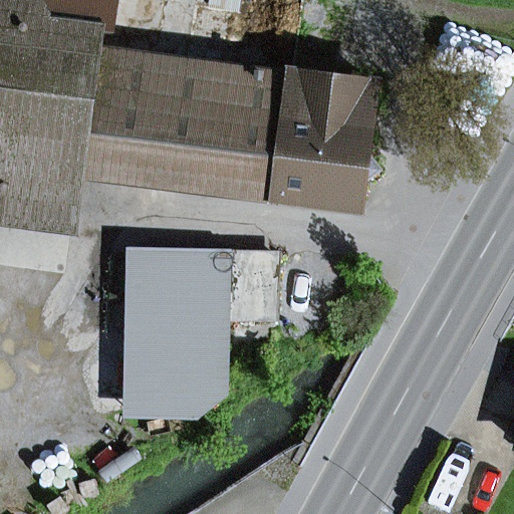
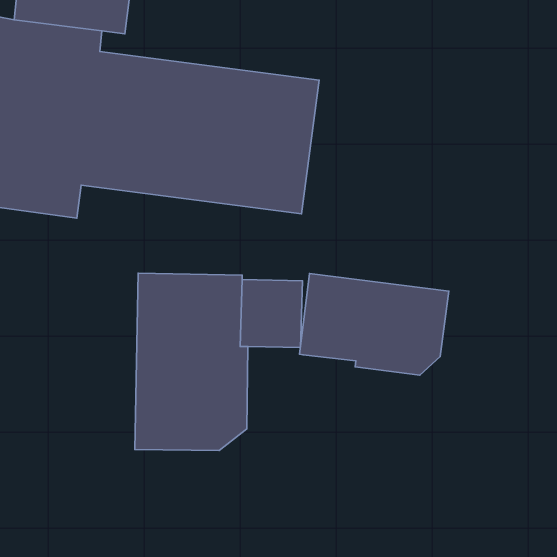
building: [276,73,376,206] -> none
building: none -> [300,274,449,375]

